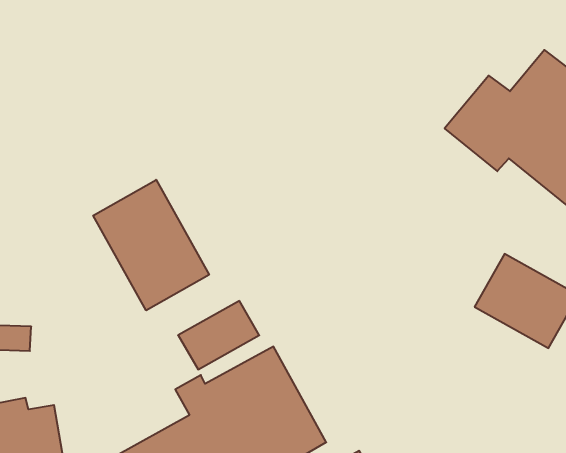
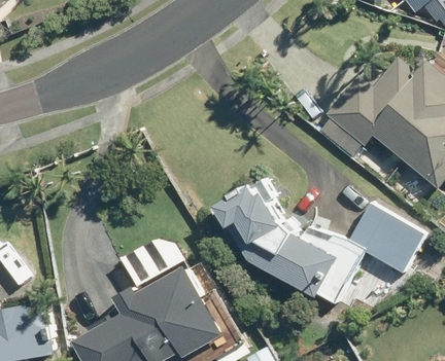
building: [93,180,209,310] -> none
building: none -> [216,179,360,306]

